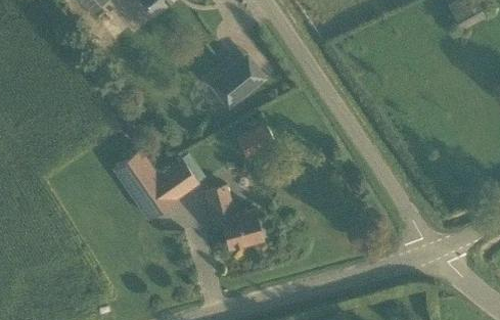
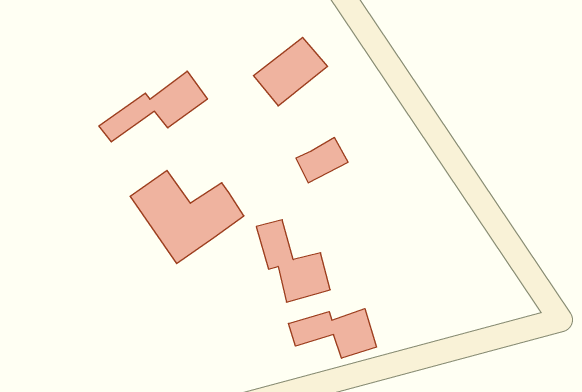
building: none -> [99,71,207,142]
building: none -> [288,309,377,358]

